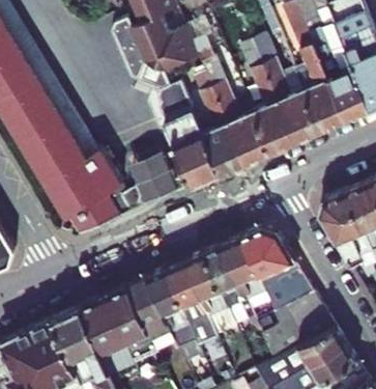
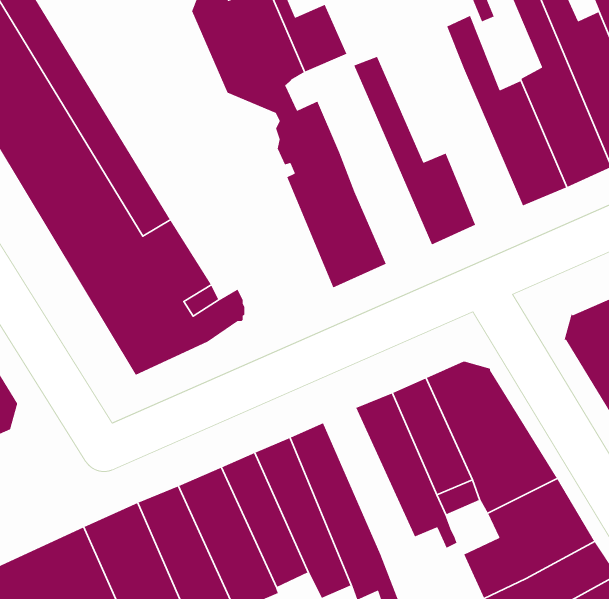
building: [250,65,295,152] -> none
building: [199,87,244,174] -> none
building: [128,152,177,203] -> none
building: [184,254,236,336] -> none

